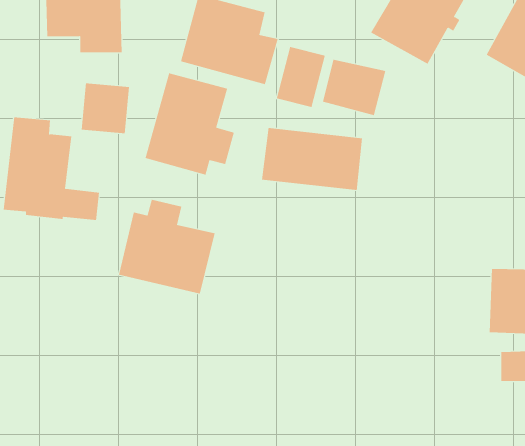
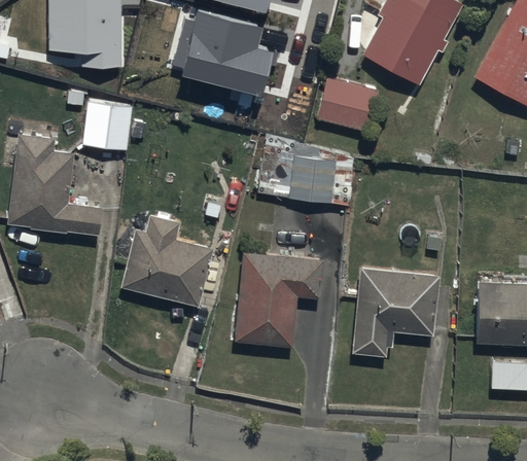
building: [276,46,326,108] -> none
building: [145,72,234,175] -> none
building: none -> [234,251,322,346]
building: none -> [353,268,440,356]

